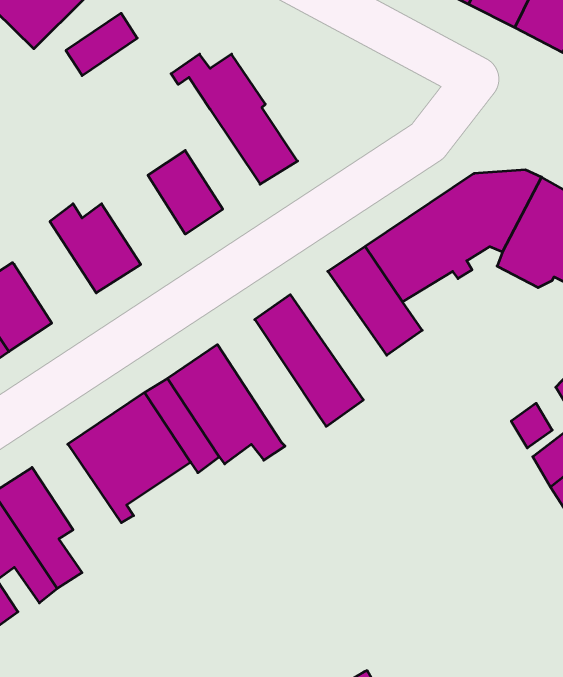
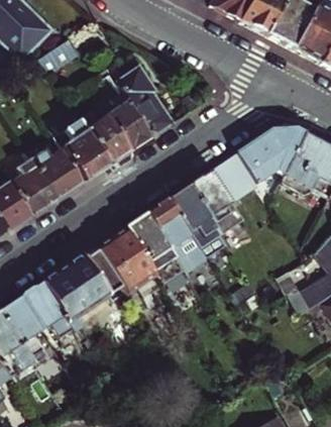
building: none -> [105,93,149,149]
building: none -> [53,120,107,181]
building: none -> [10,156,57,214]
building: none -> [167,185,229,257]
building: none -> [125,212,183,282]
building: none -> [20,283,77,344]

